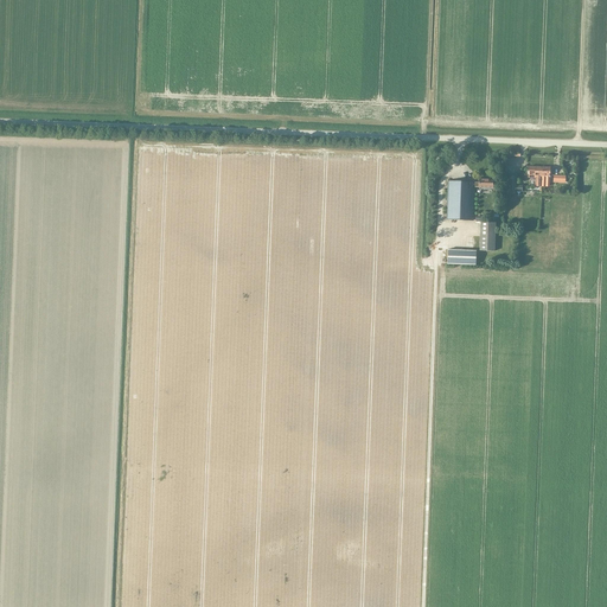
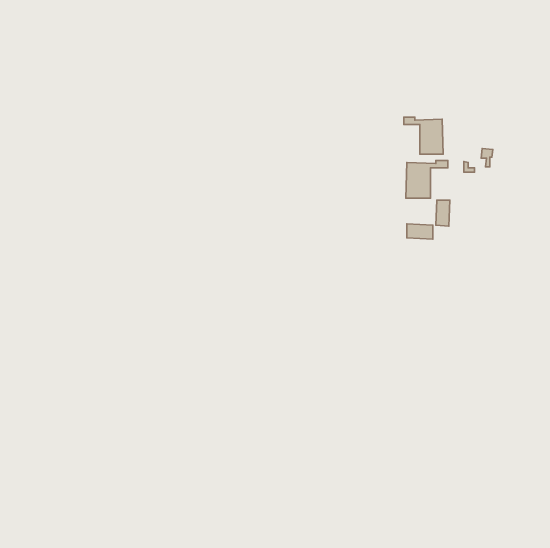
building: none -> [404,117,443,154]

